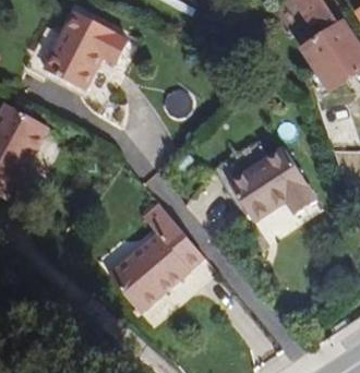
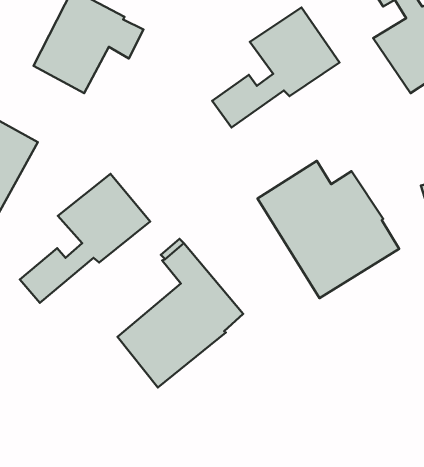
building: none -> [212,8,339,128]
building: none -> [20,174,150,303]

